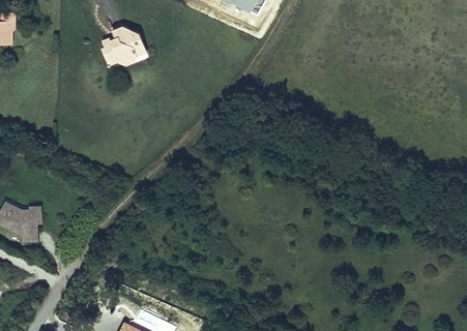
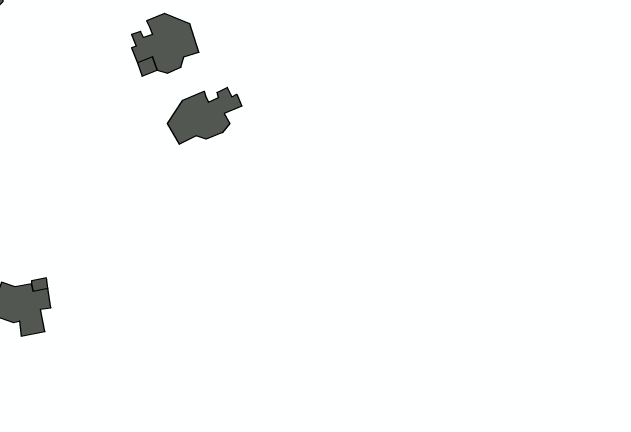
building: none -> [167,87,242,144]

